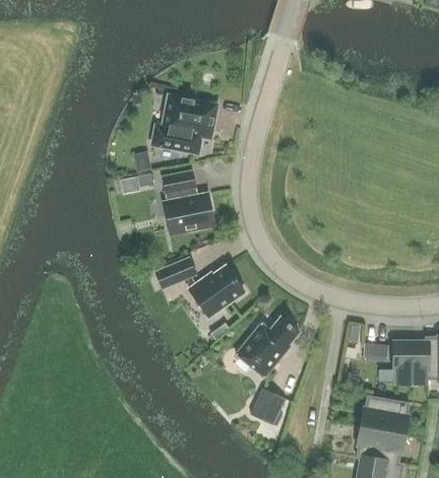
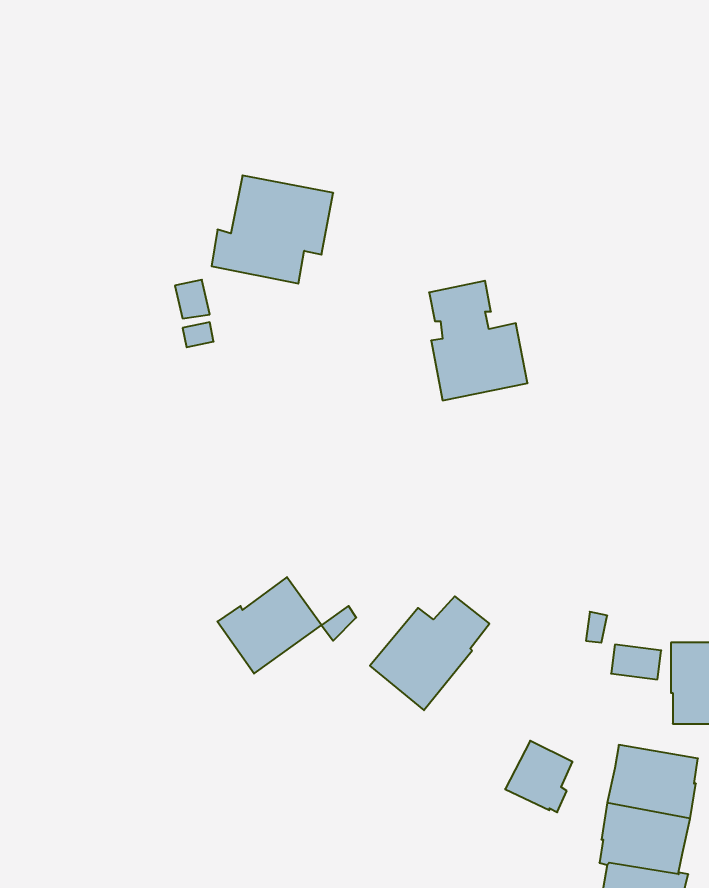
building: [163,170,214,233] -> [429,281,528,400]
building: [163,257,196,284] -> none
building: [189,265,244,316] -> [217,577,322,674]
building: [250,388,286,425] -> [505,741,573,812]

